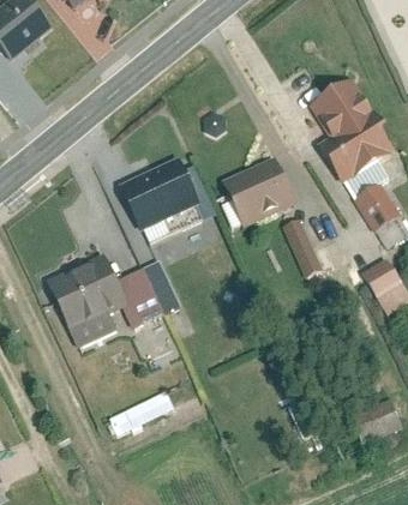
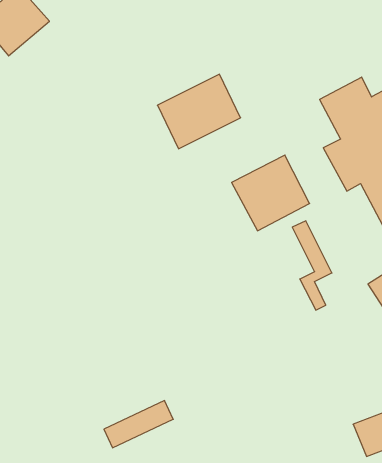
building: [118,162,198,234] -> [157,74,241,149]
building: [55,248,162,335] -> none

